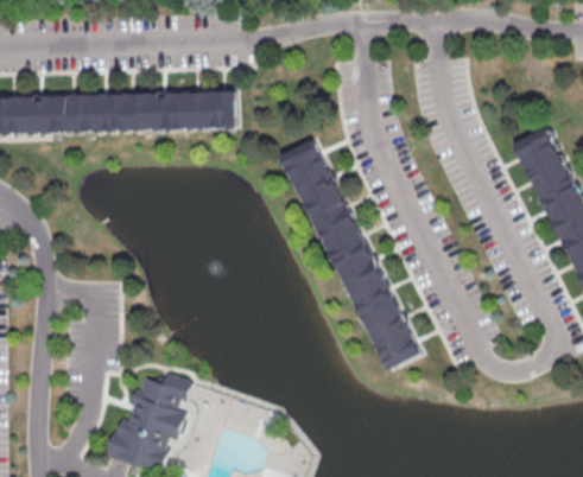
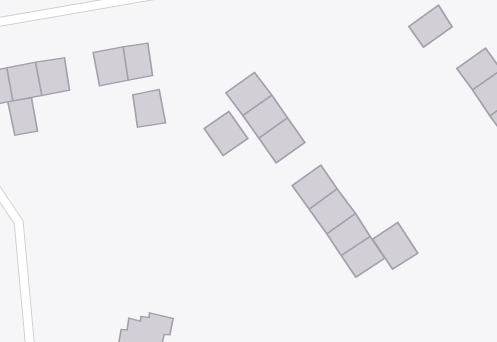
building: [205,91,235,127] -> [133,90,165,127]
building: [116,94,148,129] -> none
building: [512,126,557,167] -> [409,5,452,47]
building: none -> [8,98,38,135]
building: none -> [204,112,248,156]
building: [321,221,367,263] -> none
building: none -> [372,222,418,269]

